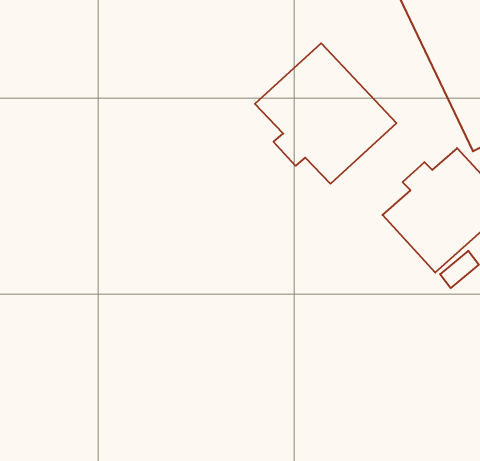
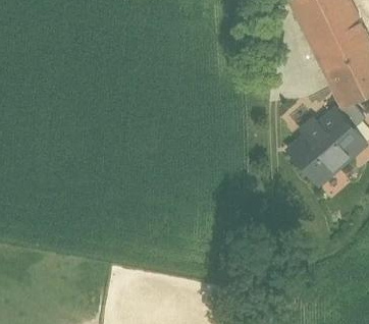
building: [255,43,396,184] -> none

